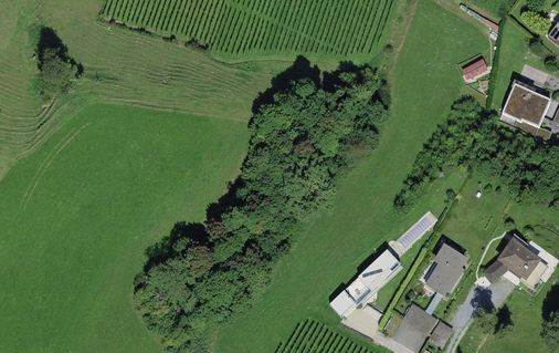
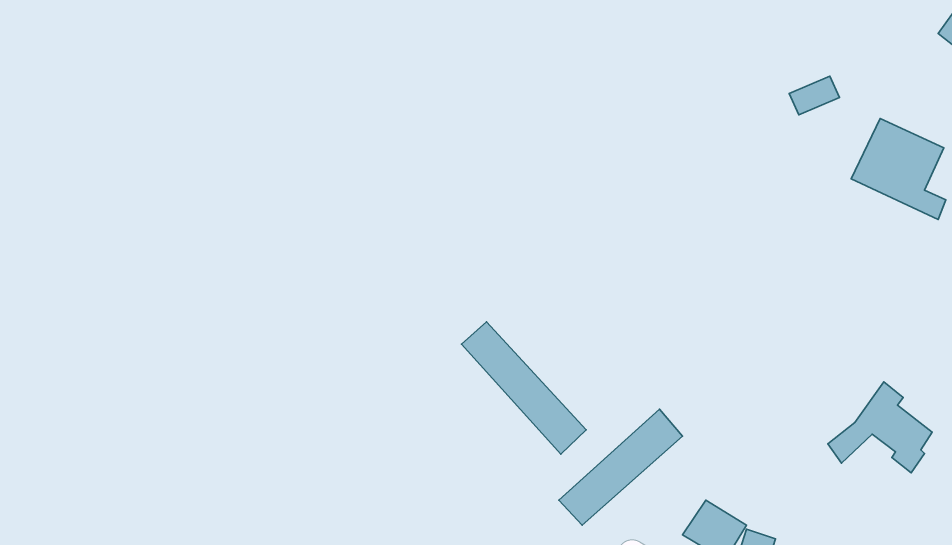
building: none -> [461,322,586,454]
building: [425,245,470,295] -> none

